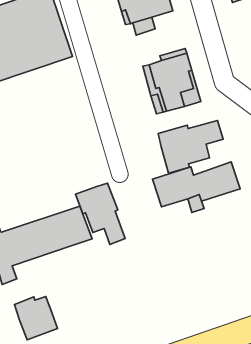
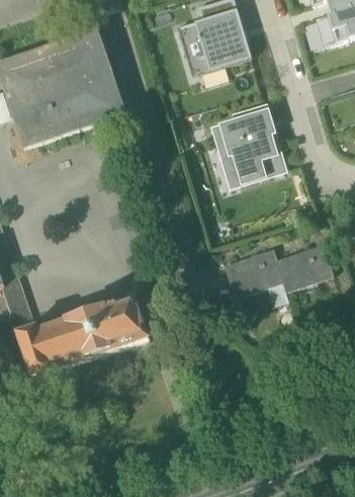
building: [158,121,223,173] -> none
building: [75,183,125,244] -> none
building: [14,297,57,340] -> none

